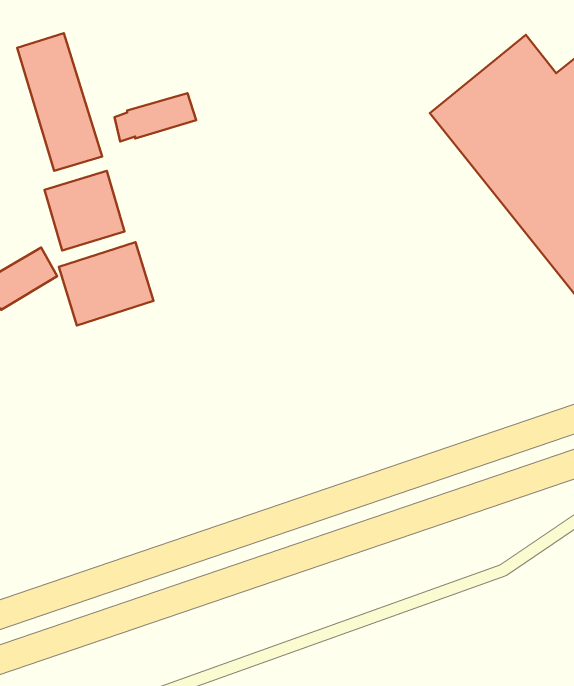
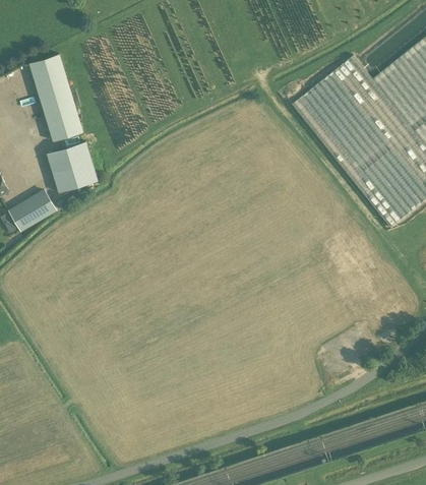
building: [114,93,196,141] -> none
building: [59,242,154,325] -> none

